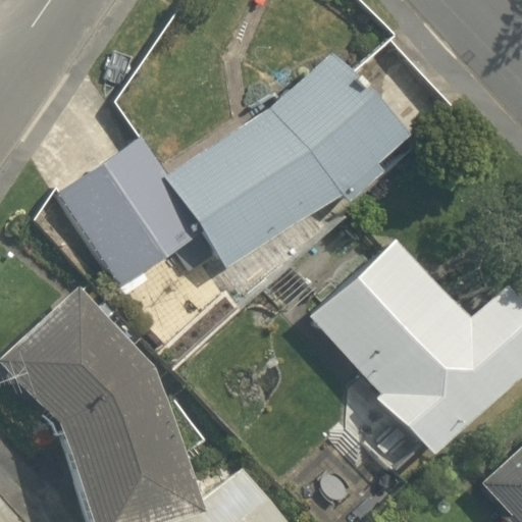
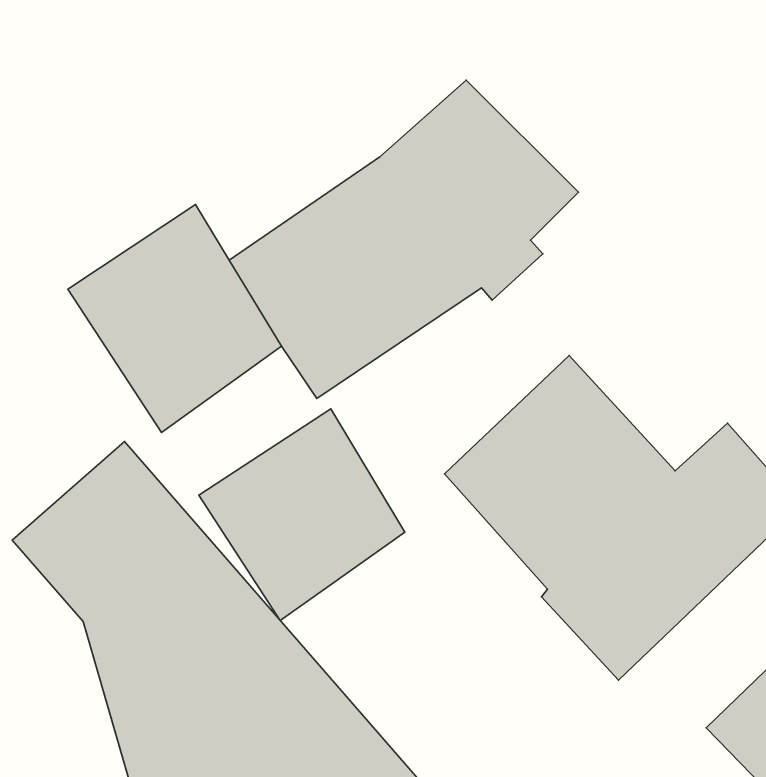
building: none -> [199,409,405,620]

